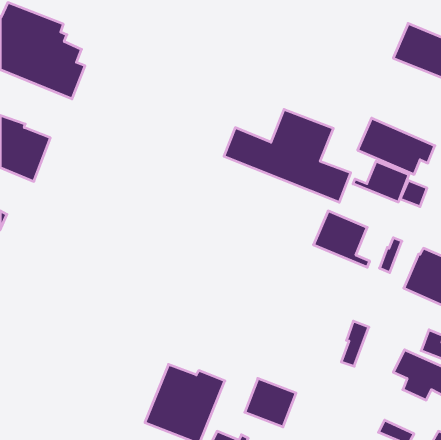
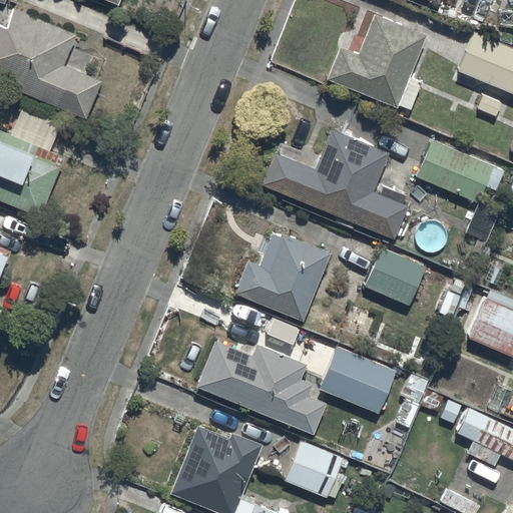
building: none -> [327,13,426,109]
building: [353,161,409,202] -> none
building: none -> [234,234,330,321]
building: none -> [196,340,327,433]
building: none -> [319,346,397,420]

